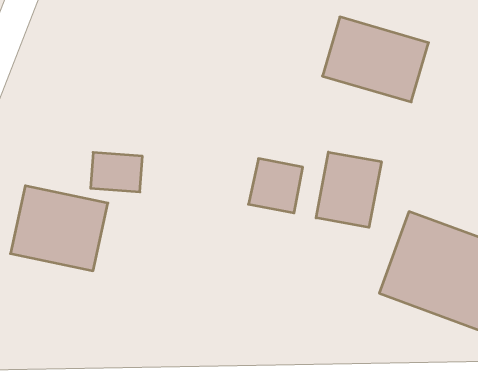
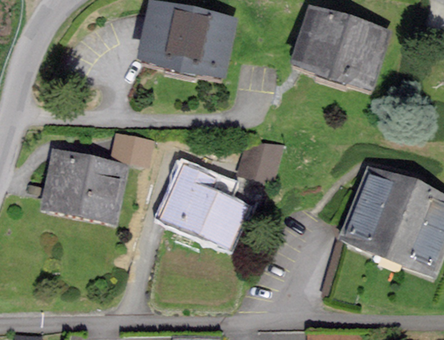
building: none -> [144,12,232,82]
building: [316,152,381,227] -> none
building: none -> [161,168,244,246]

